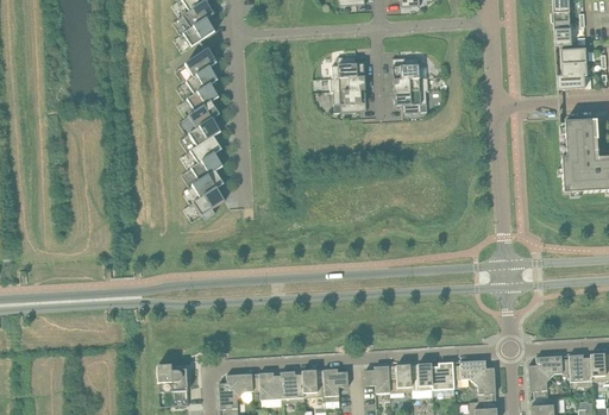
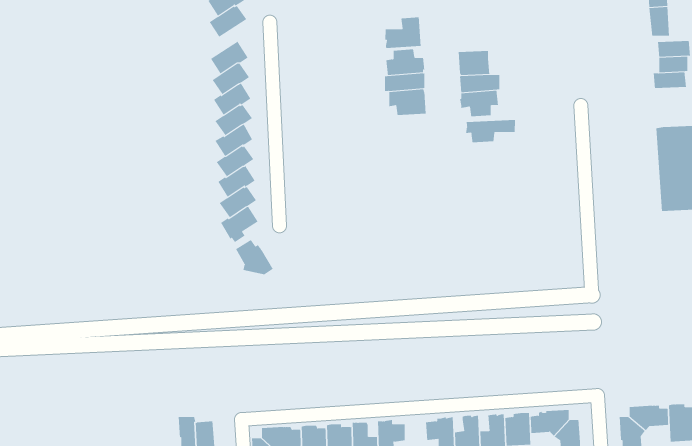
building: none -> [384,16,421,49]
building: none -> [465,119,515,143]
building: none -> [220,237,273,275]

